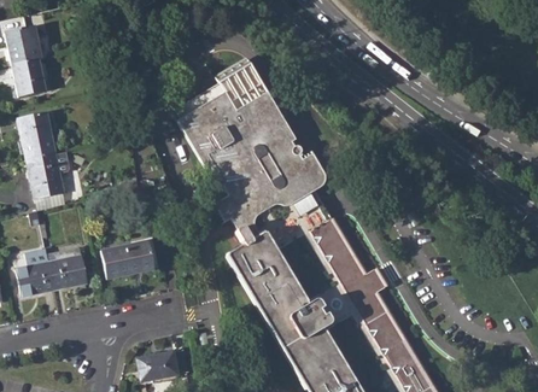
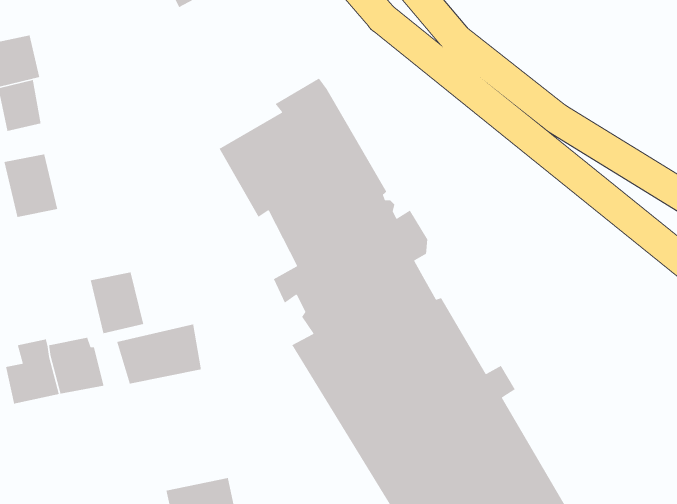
building: [25,154,65,200] -> [90,272,144,334]

